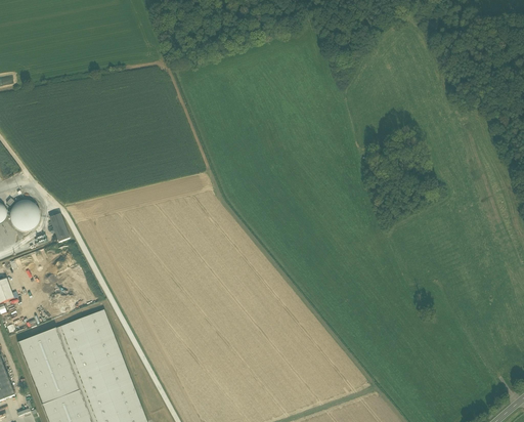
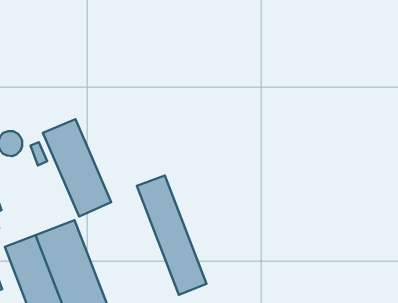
building: none -> [43,119,111,216]
building: none -> [137,176,207,295]

